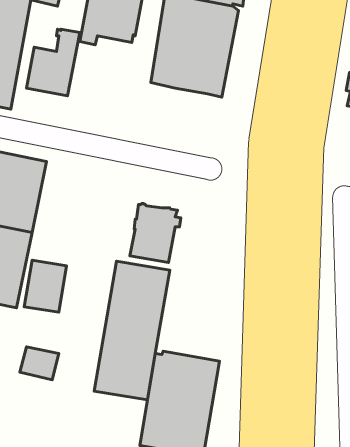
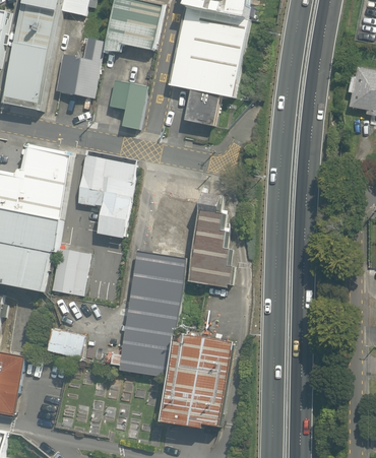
building: none -> [110,80,147,129]
building: none -> [185,90,221,126]
building: none -> [77,156,136,239]
building: none -> [191,193,235,286]

